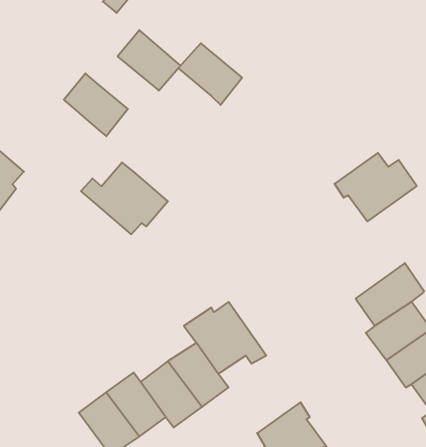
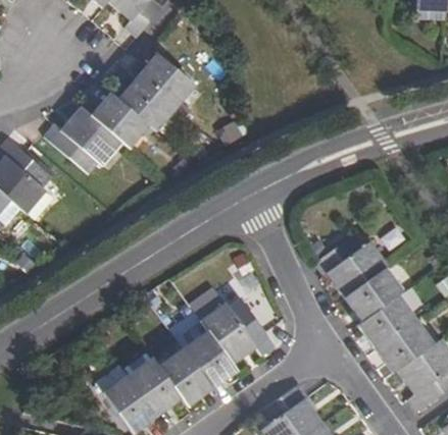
building: [178,43,242,105] -> [116,76,173,131]
building: [334,153,417,221] -> [319,231,393,292]
building: [81,162,168,234] -> [42,107,119,171]

